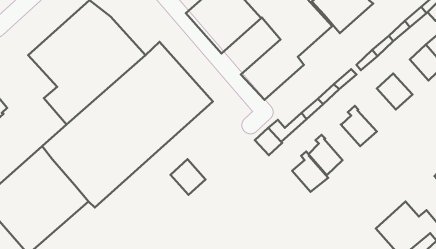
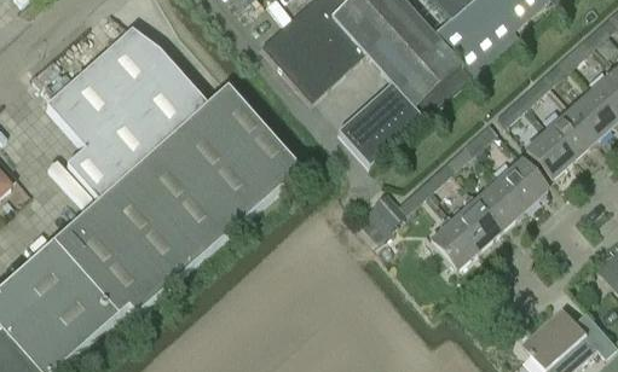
building: none -> [548,109,596,157]
building: none -> [498,158,548,208]
building: [292,152,328,192] -> [452,192,502,248]
building: [170,159,206,195] -> none

